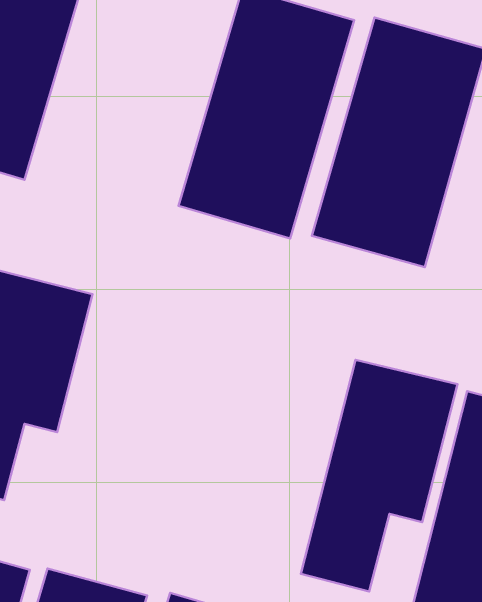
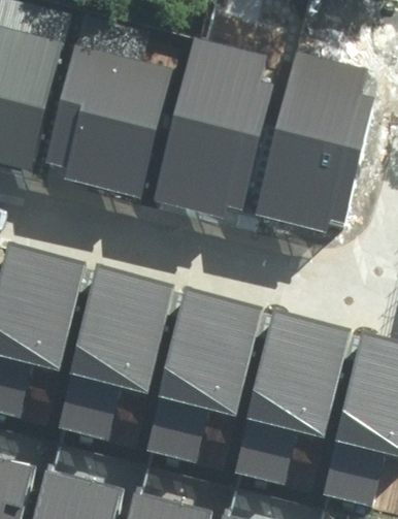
building: none -> [46,48,171,190]
building: none -> [54,261,171,436]
building: none -> [148,289,267,464]

